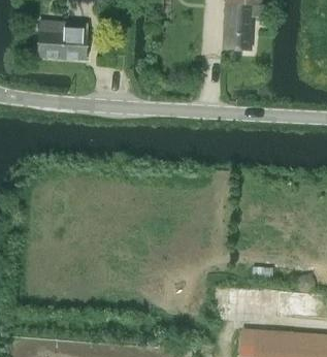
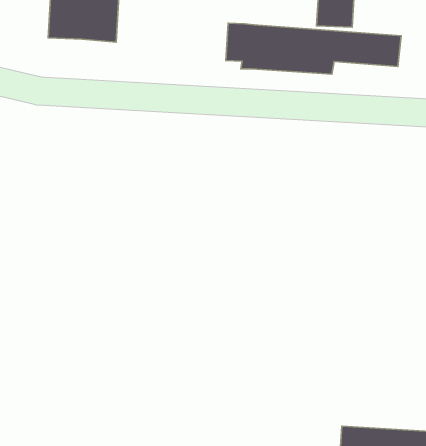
building: none -> [226,23,401,74]

